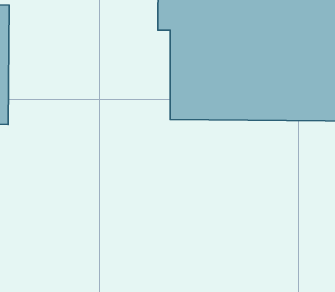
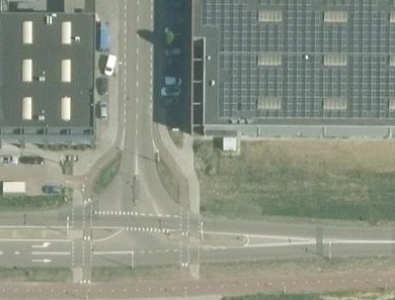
building: none -> [44,14,93,130]

